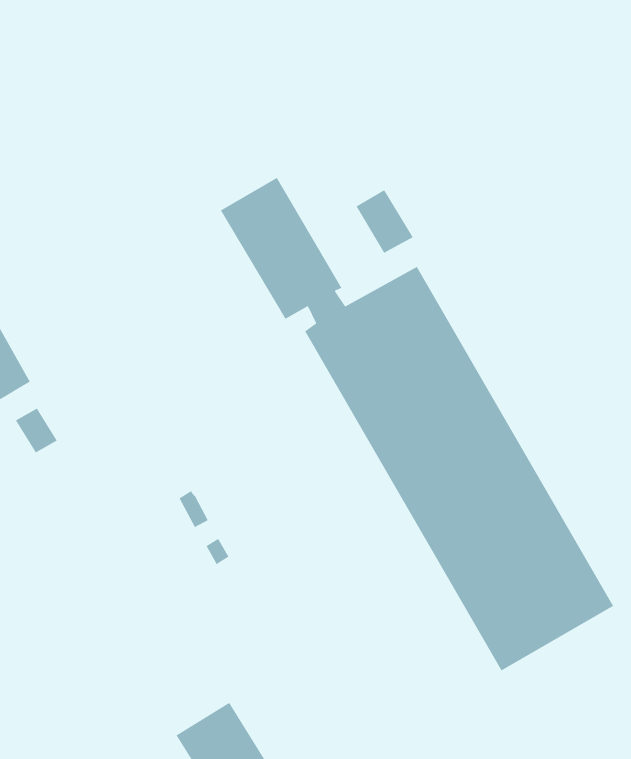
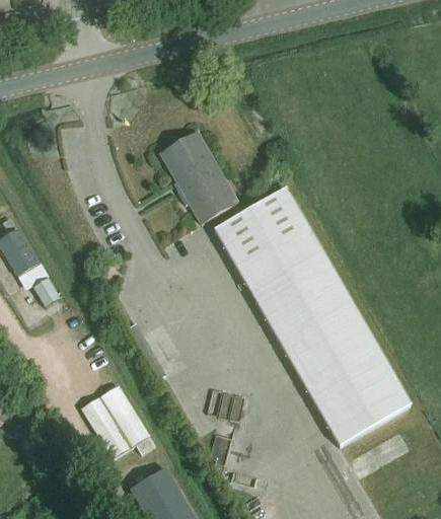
building: [355,189,414,254] -> none
building: none -> [81,384,154,456]

